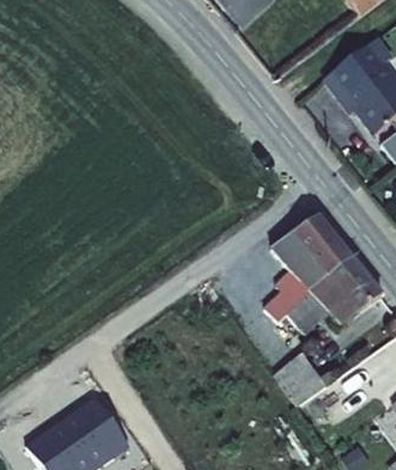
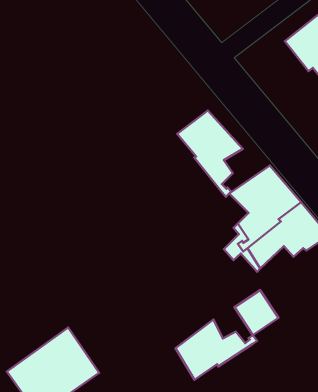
building: none -> [177,111,243,197]
building: none -> [175,319,257,380]

